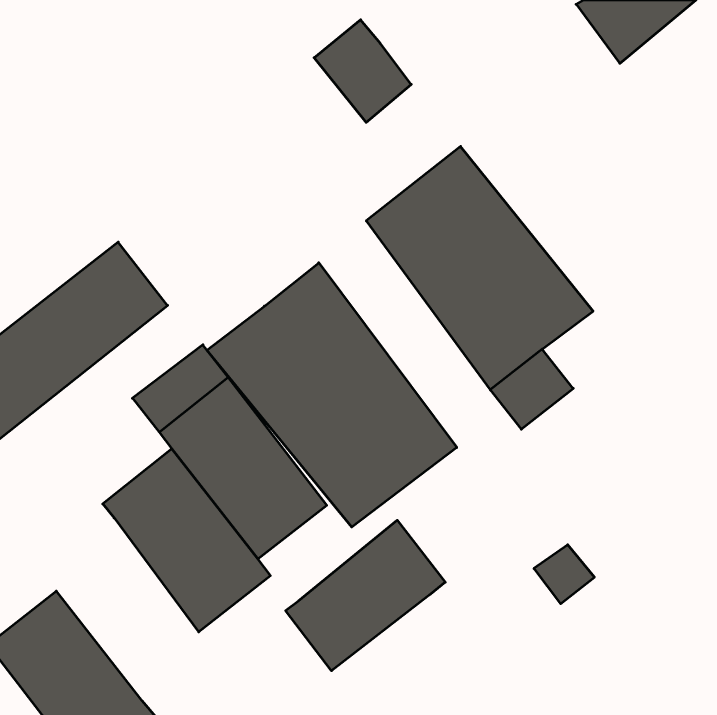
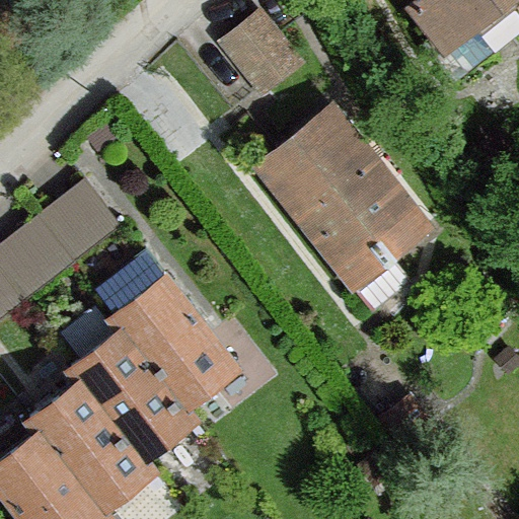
building: [207,263,457,527] -> none
building: none -> [29,376,153,508]
building: [286,520,445,671] -> none

